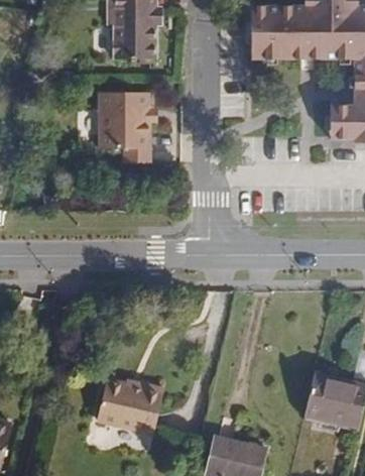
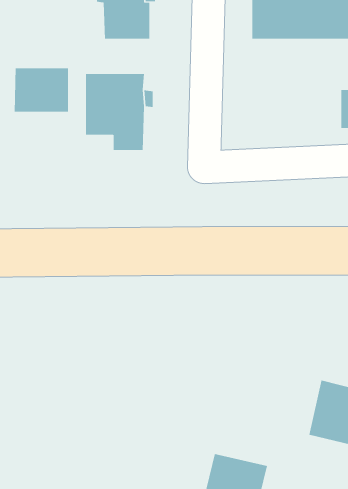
building: none -> [14,68,69,113]
building: [97,376,165,433] -> none

